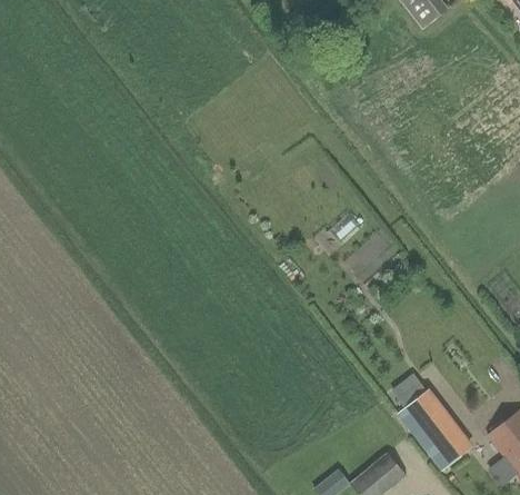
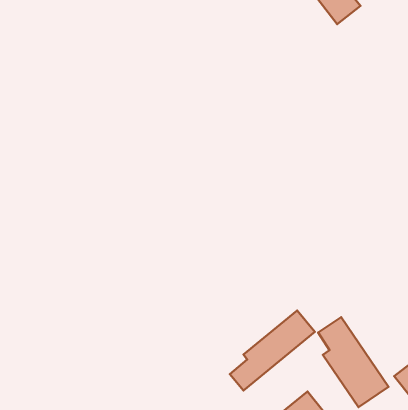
building: none -> [230,311,315,390]

